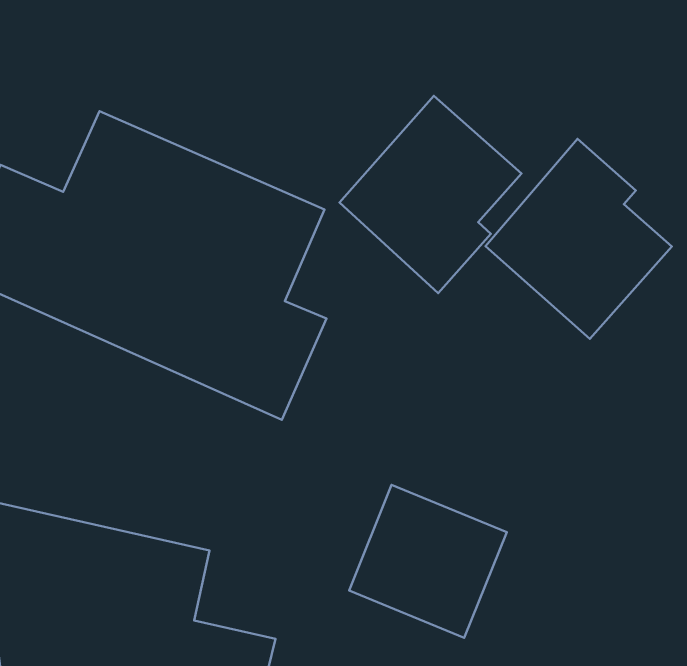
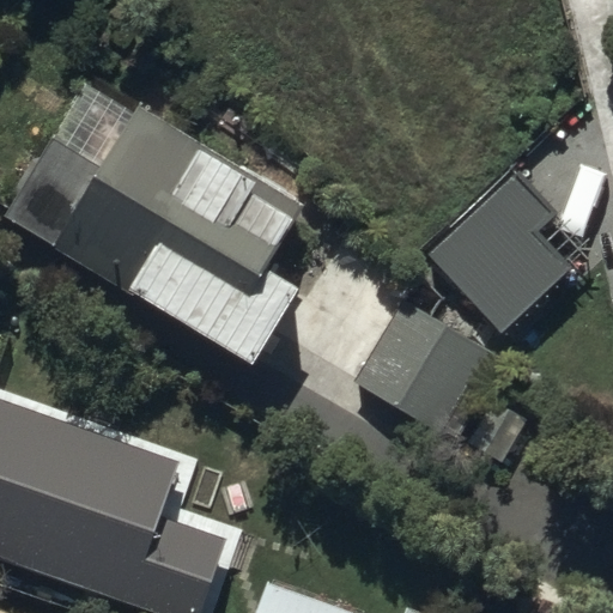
building: [339,96,521,293] -> none
building: [349,485,507,638] -> [353,303,484,431]

